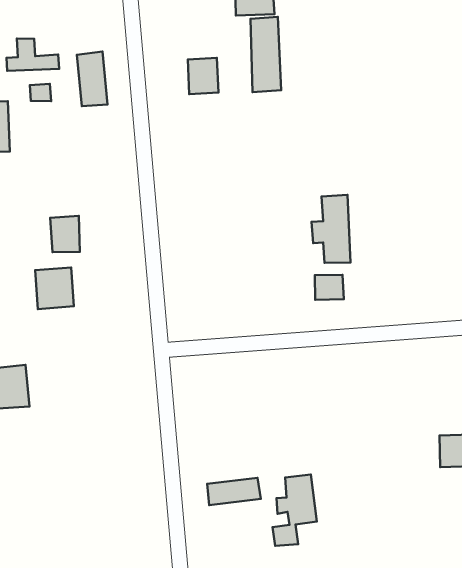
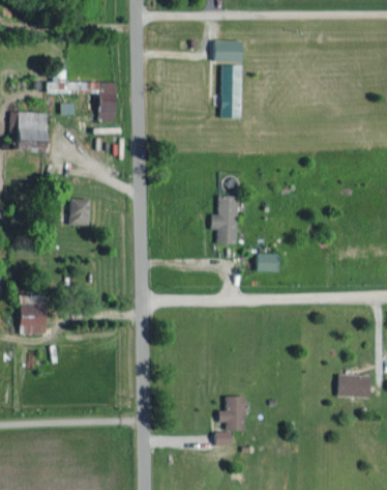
building: [188,58,219,94] -> none
building: [312,195,350,263] -> [211,196,238,244]
building: [35,268,74,309] -> none
building: [207,478,261,505] -> none

